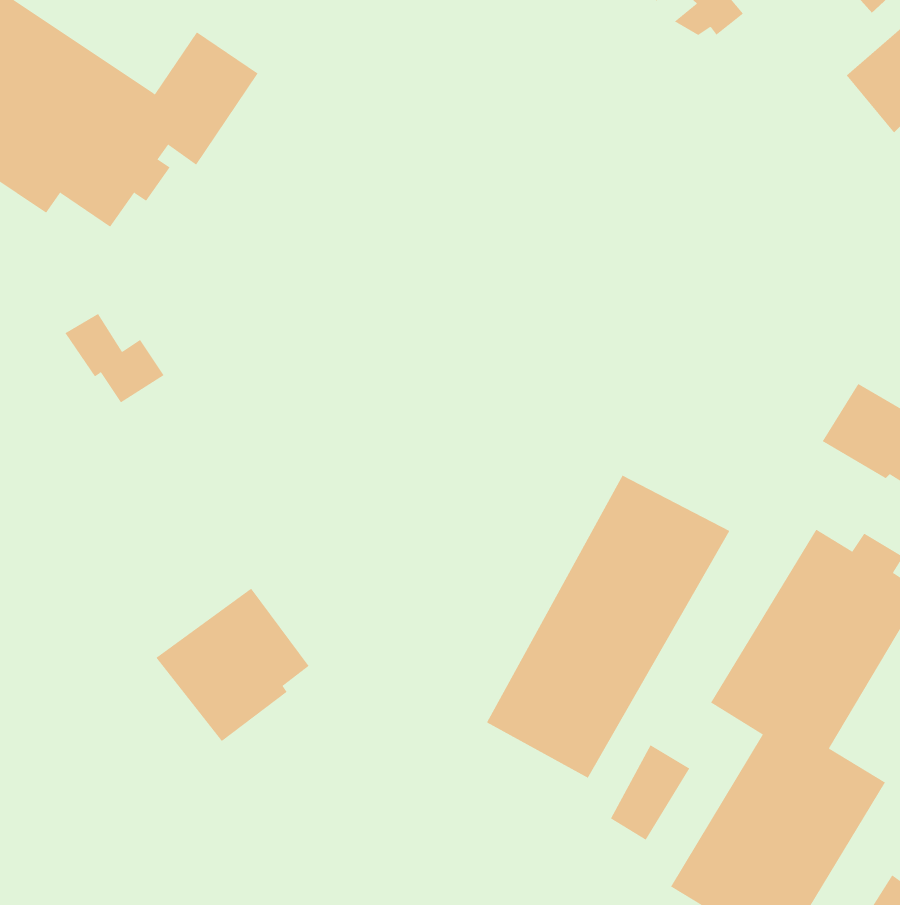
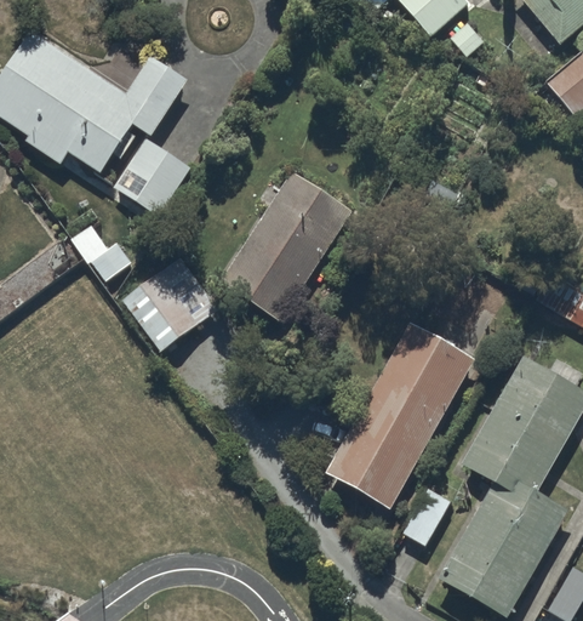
building: none -> [114,139,190,216]
building: none -> [223,173,351,320]
building: [156,588,309,742] -> [121,258,215,352]

